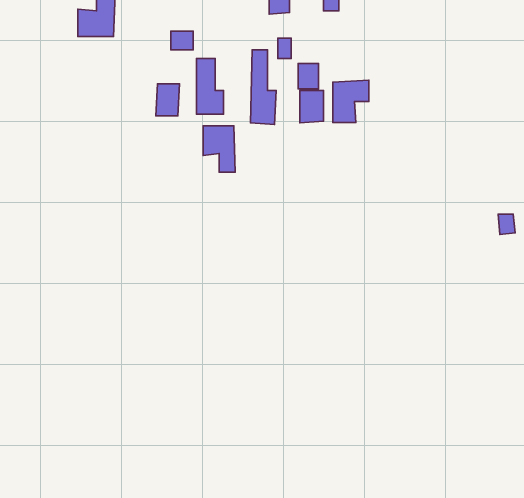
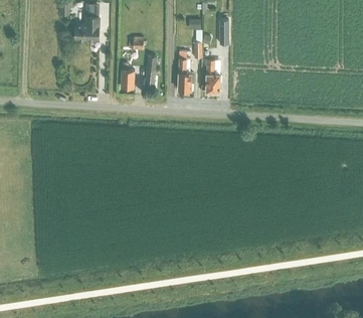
building: [333,80,369,123] -> none
building: [203,126,235,172] -> none

